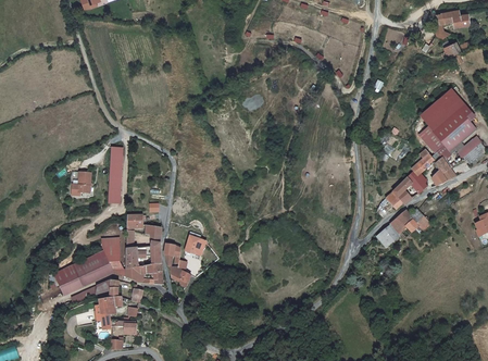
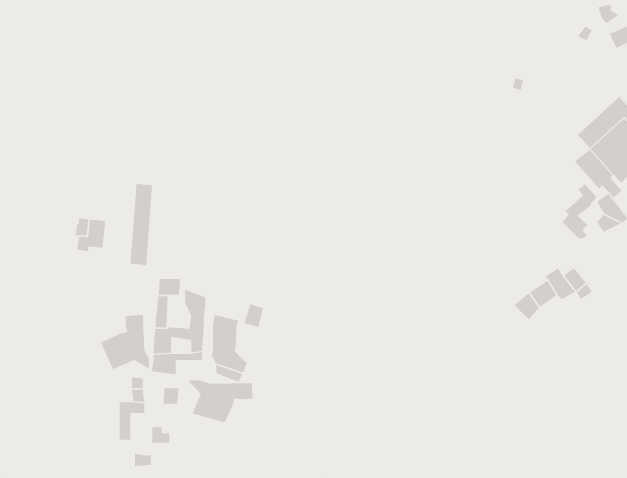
building: [385,177,421,209] -> none
building: [58,261,96,291] -> none
building: none -> [187,380,253,423]

